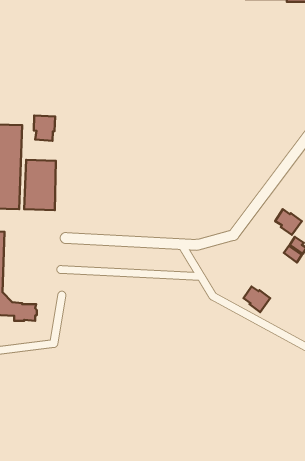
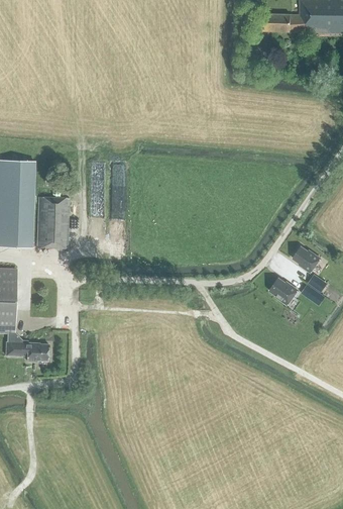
building: [34,115,55,141] -> none
building: [244,286,270,312] -> [270,279,298,305]

